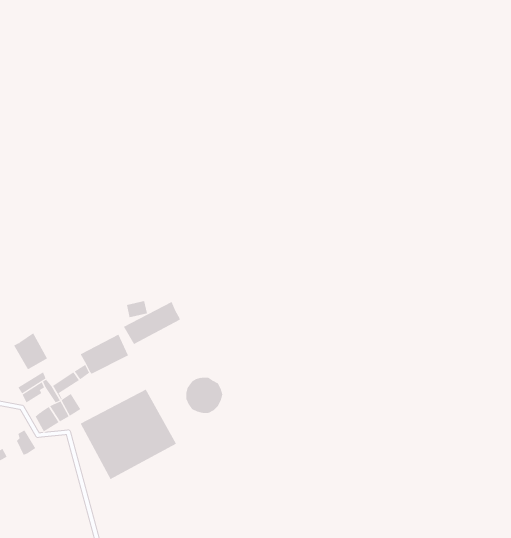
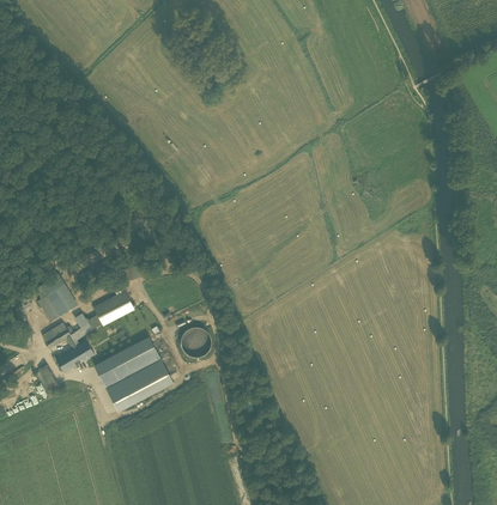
building: [123,301,180,345] -> none
building: none -> [36,273,77,310]

